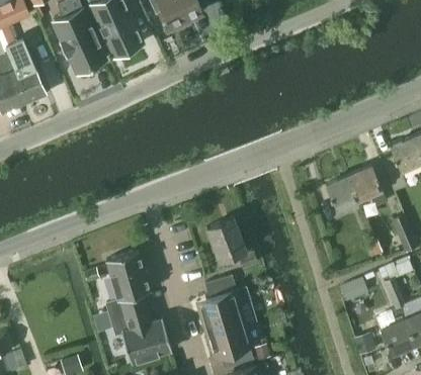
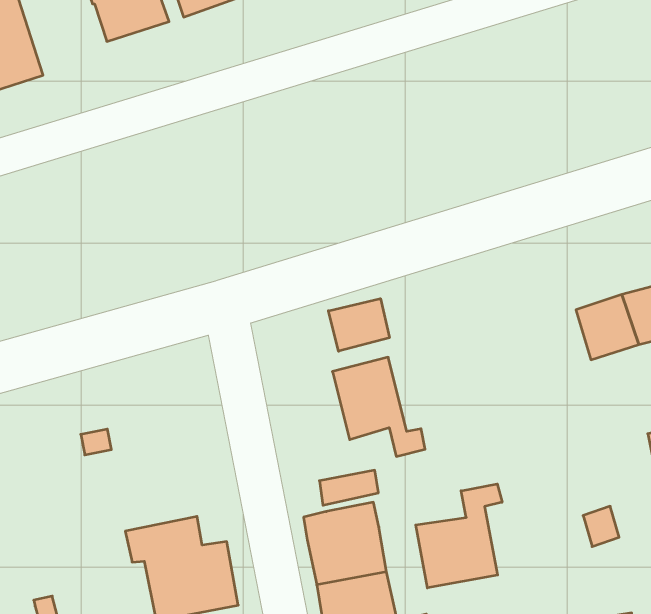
building: none -> [328,299,389,351]
building: [105,251,150,319] -> none
building: none -> [416,484,502,588]

